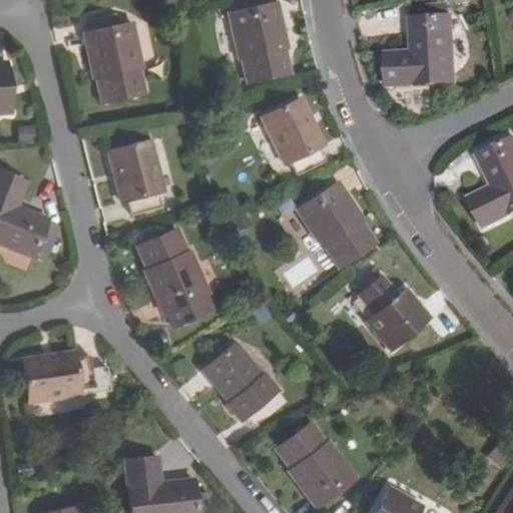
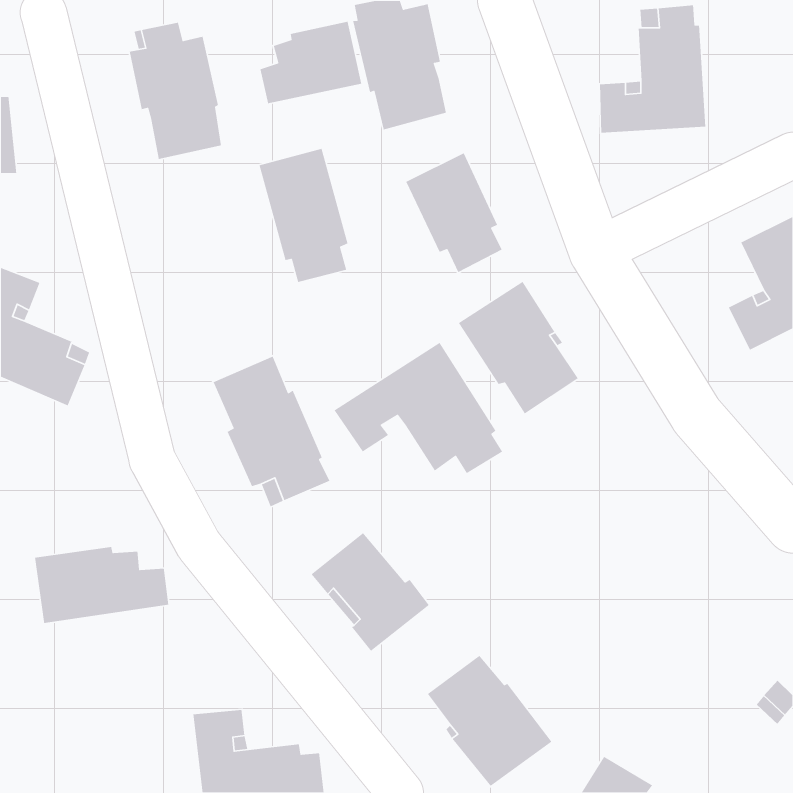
building: none -> [259,21,362,104]
building: [105,129,163,216] -> [259,148,349,283]
building: none -> [333,342,503,474]
building: [354,271,428,350] -> none

